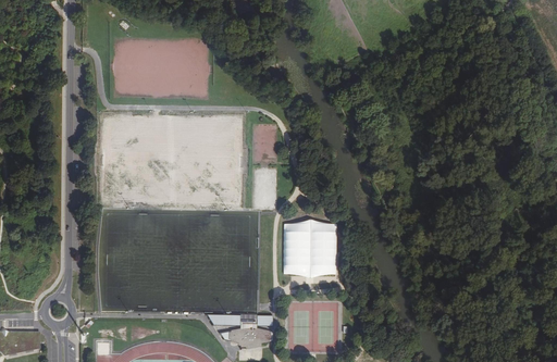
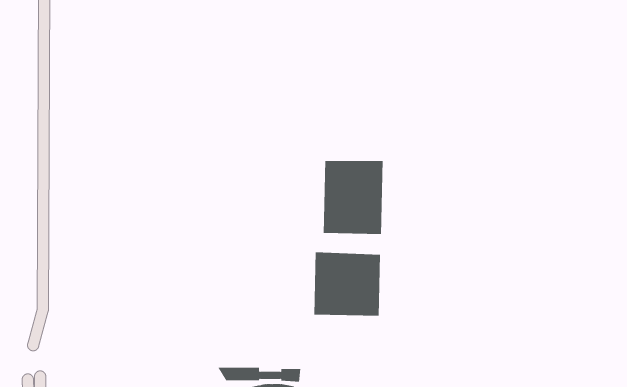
building: none -> [323,160,383,235]

